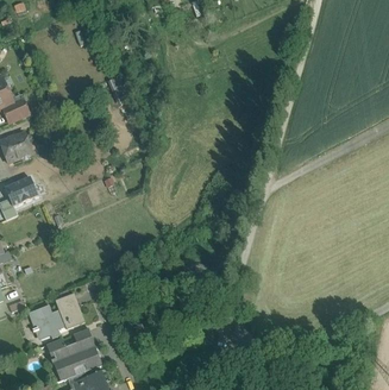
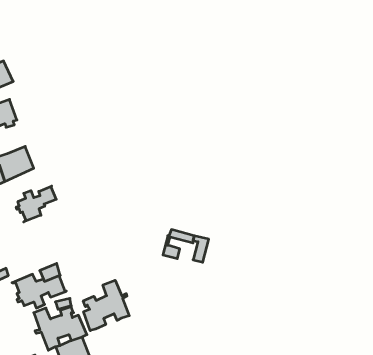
building: none -> [16,186,56,222]
building: none -> [83,280,129,331]

